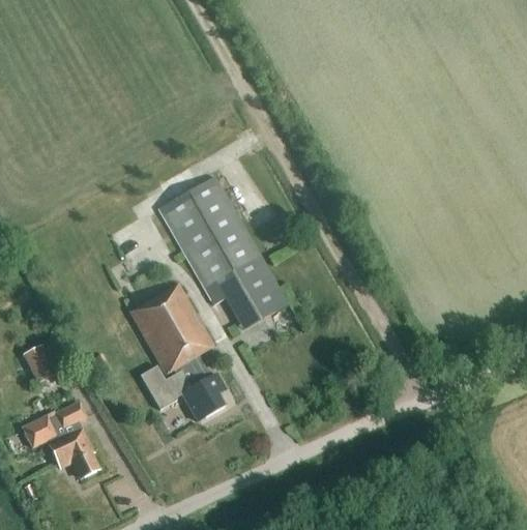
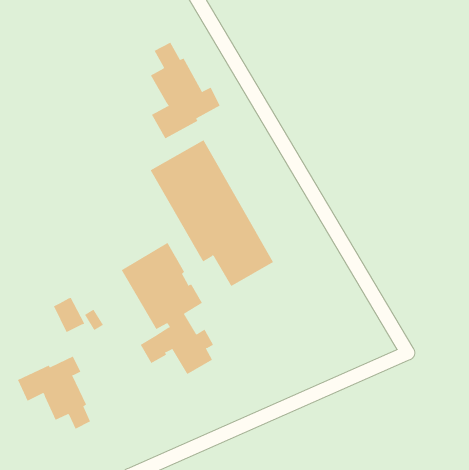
building: none -> [150,42,221,139]
building: [24,345,57,382] -> [53,297,85,333]

